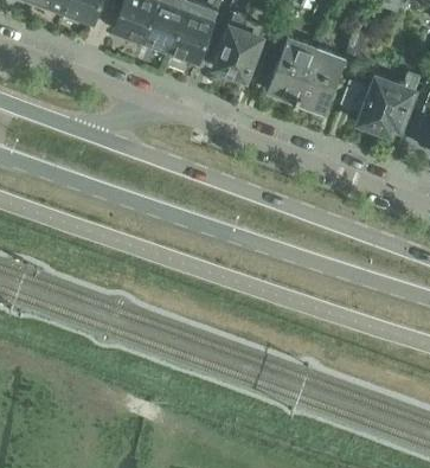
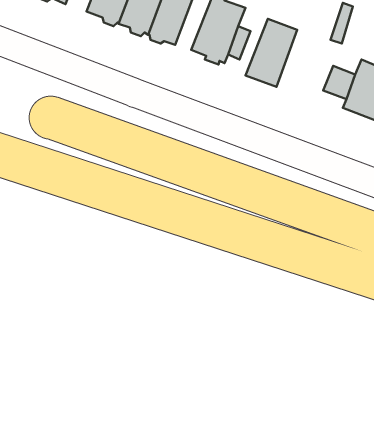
building: [295,47,345,113] -> none

